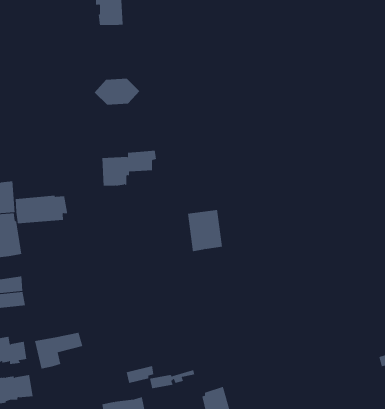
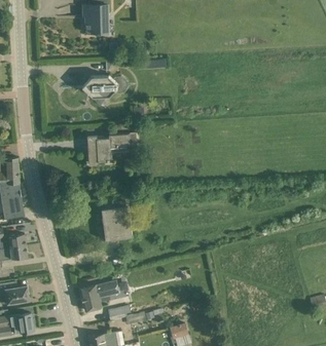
building: [15,195,68,224] -> none
building: [187,210,223,252] -> [101,207,130,241]
building: [34,332,83,369] -> [79,281,118,311]

